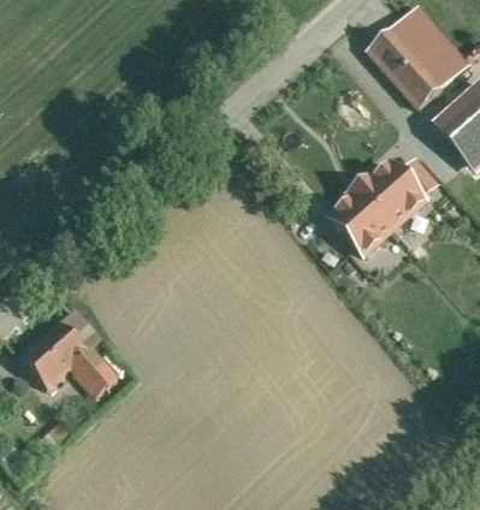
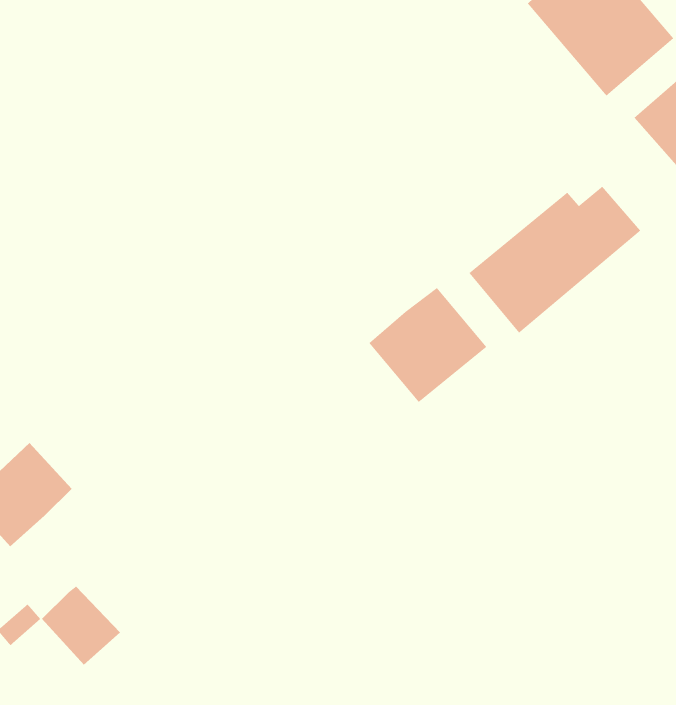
building: none -> [368,287,487,403]
building: [70,345,119,395] -> [41,586,121,666]

